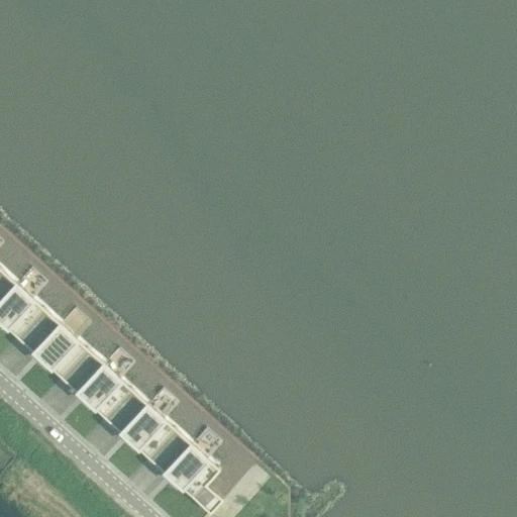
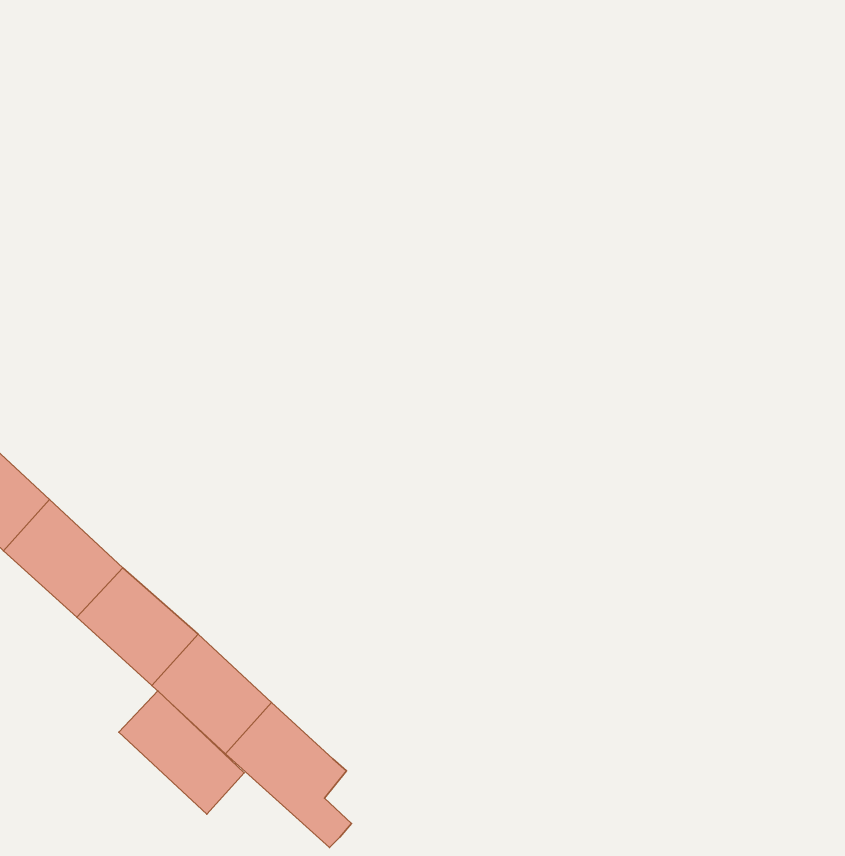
building: none -> [119,691,244,814]

